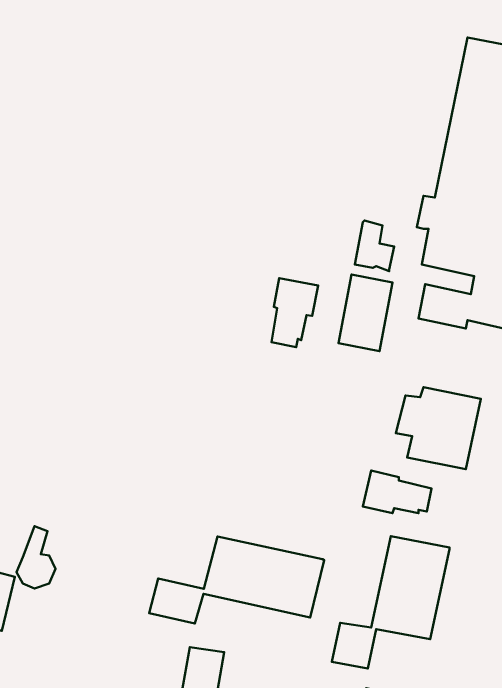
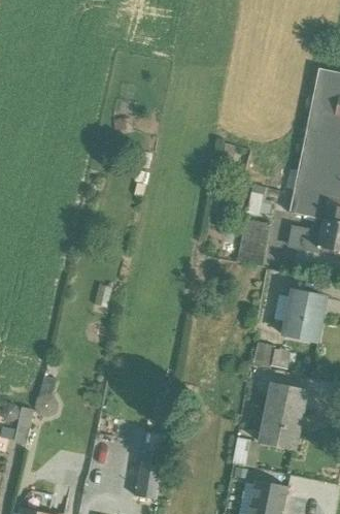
building: [271,278,318,347] -> none
building: [149,536,324,624] -> none

